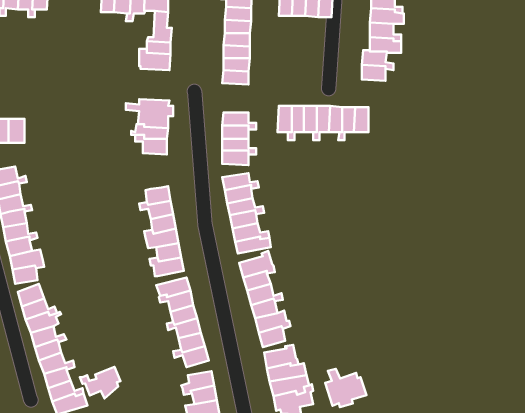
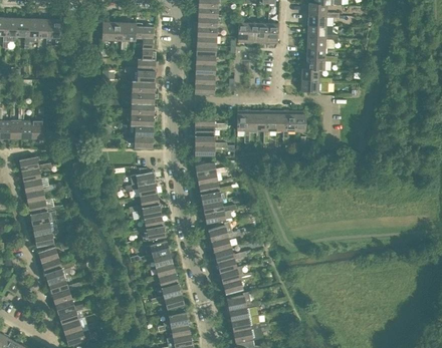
building: none -> [131,82,158,104]
building: [80,367,121,398] -> none
building: [325,369,367,407] -> none

